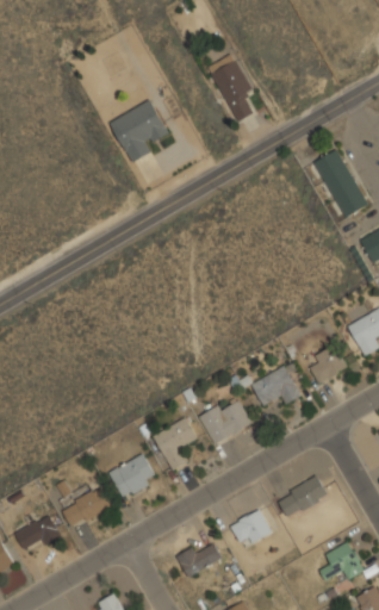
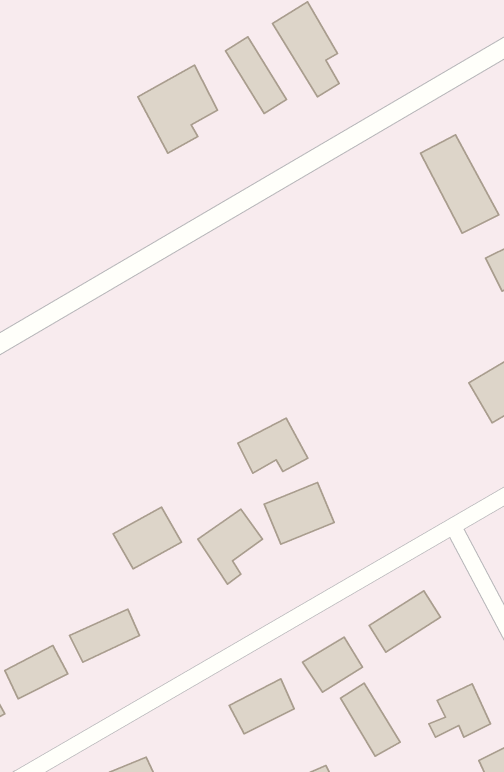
building: none -> [226,37,286,114]
building: [307,347,346,381] -> none
building: [251,366,302,405] -> [238,418,308,473]
building: [108,454,157,498] -> [113,507,181,569]
building: none -> [341,683,400,756]

